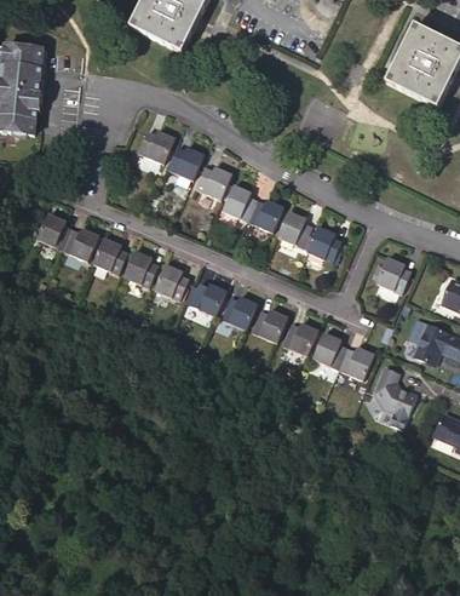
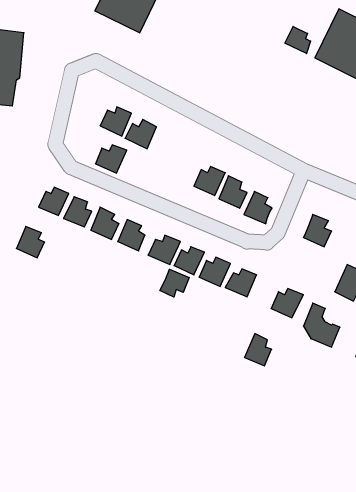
building: none -> [285,26,311,54]
building: [194,171,230,204] -> [95,145,127,173]
building: [219,188,254,227] -> none
building: [41,214,74,251] -> [16,226,45,258]
building: none -> [160,269,189,297]
building: [312,331,344,368] -> [245,334,272,366]

